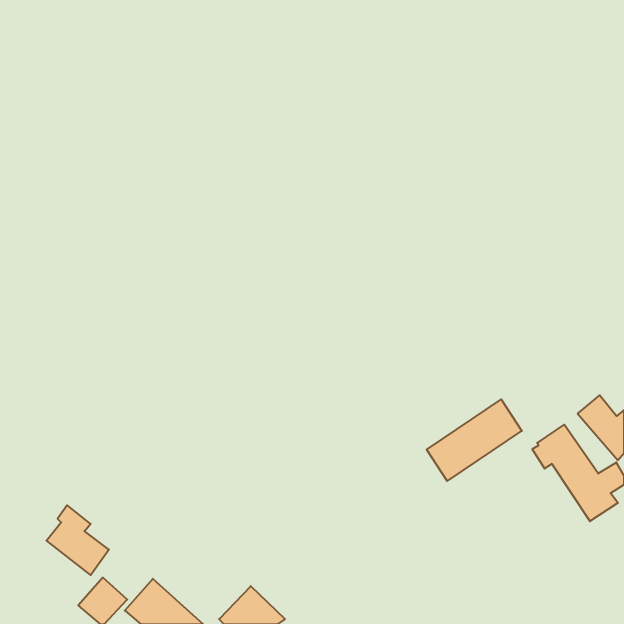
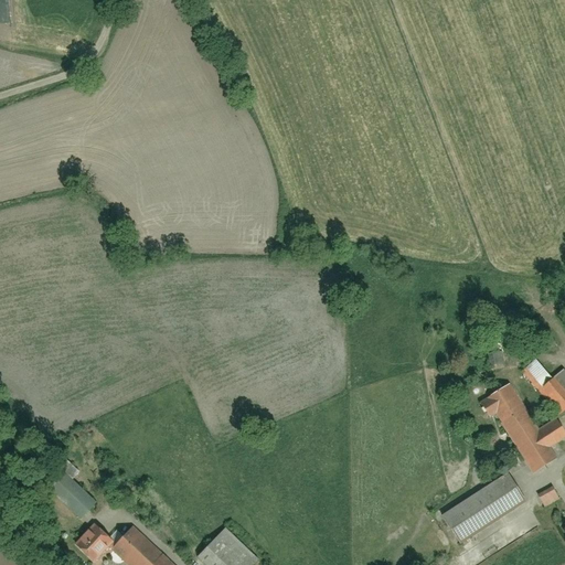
building: [427,399,522,481] -> [440,472,526,546]

